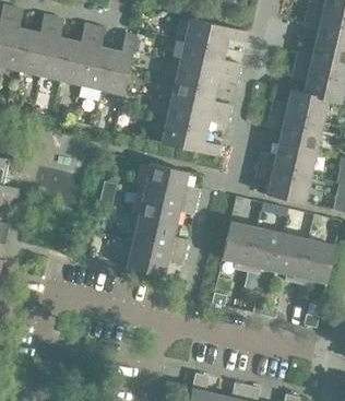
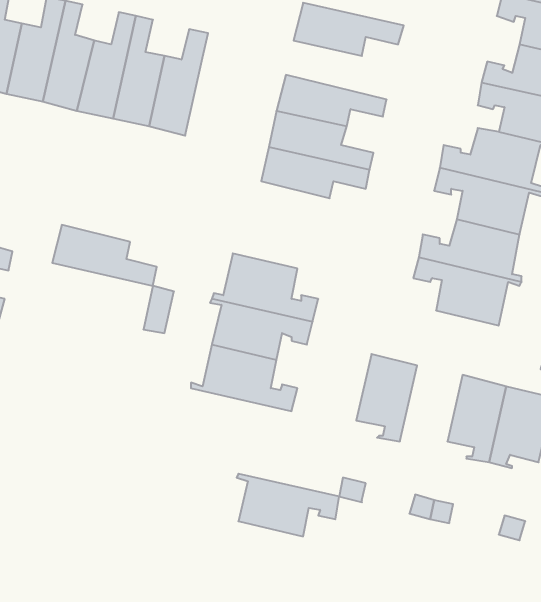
building: [181,40,241,74] -> none
building: [162,121,222,156] -> [52,225,157,286]
building: [247,227,283,274] -> none
building: [126,240,185,276] -> [237,474,339,536]

